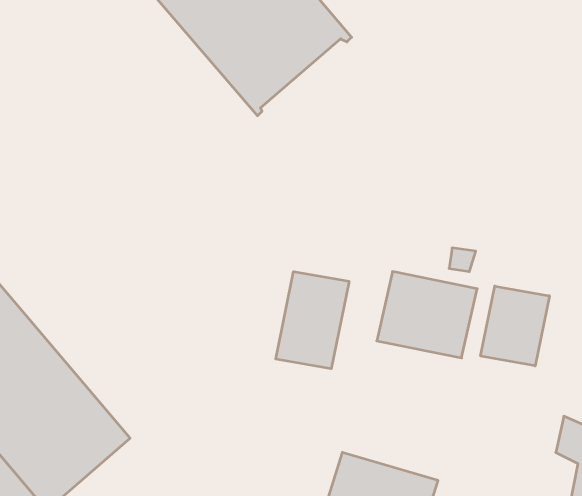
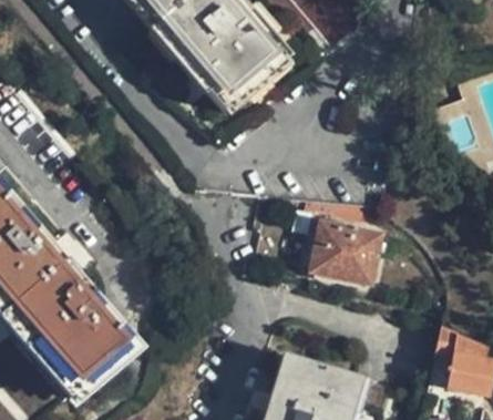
building: [276,272,349,369] -> none
building: [481,286,549,366] -> none

